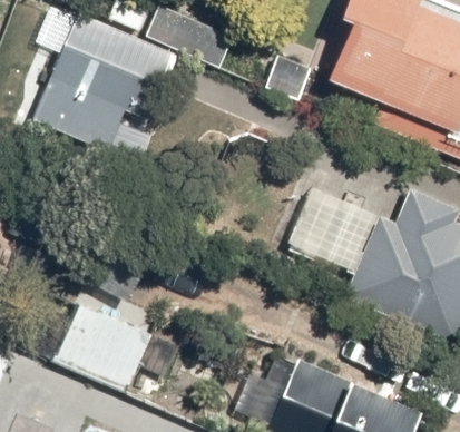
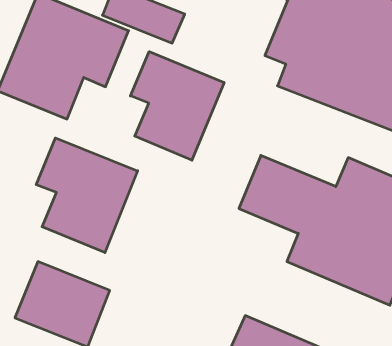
building: none -> [130,52,224,160]
building: none -> [36,138,138,253]

